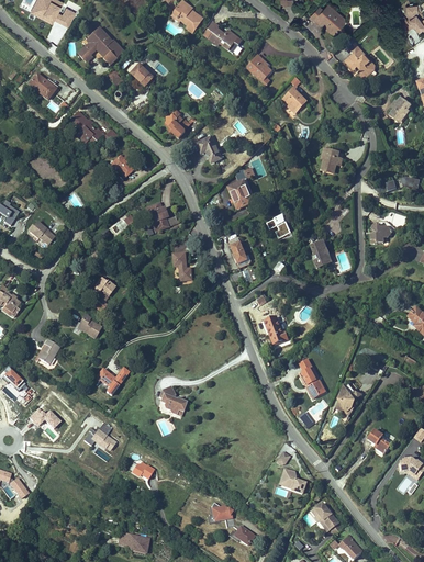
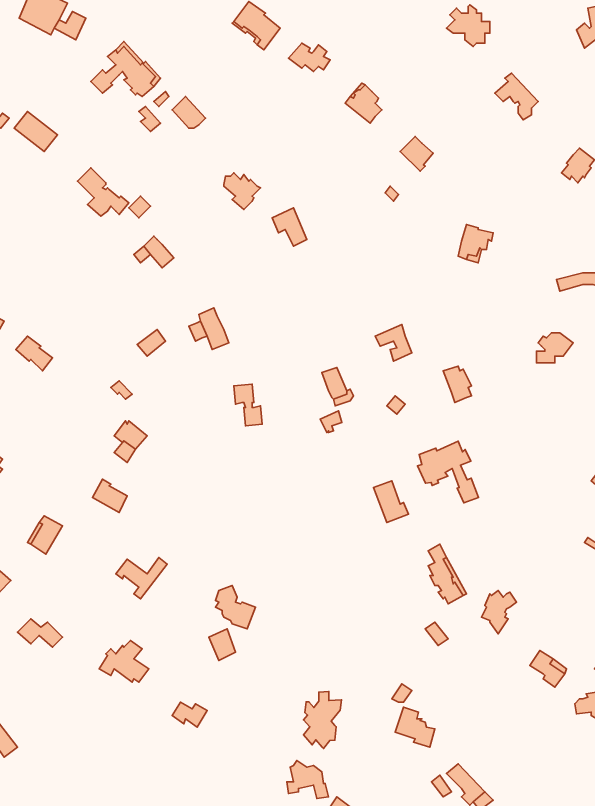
building: [228,168,255,207] -> none
building: none -> [418,441,479,503]
building: none -> [303,692,341,748]

